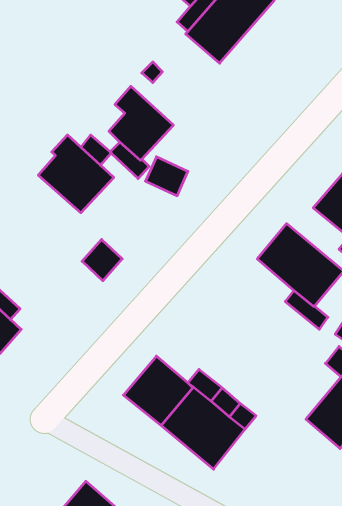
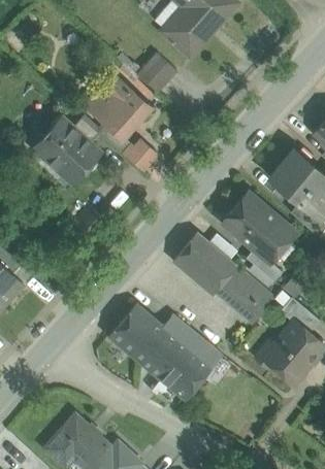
building: none -> [137,53,177,93]
building: none -> [173,233,274,324]

